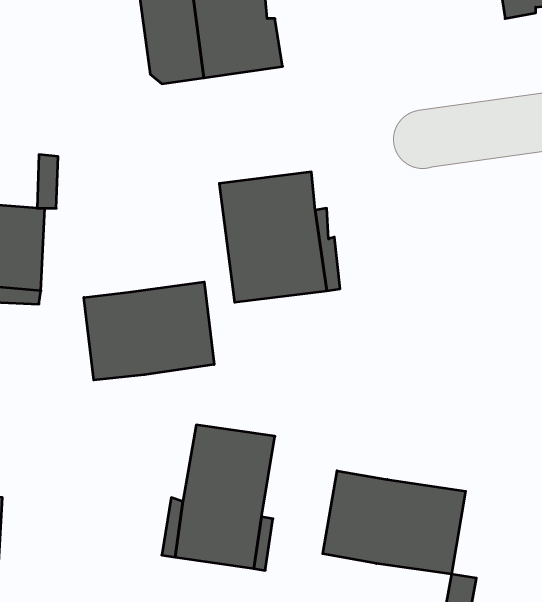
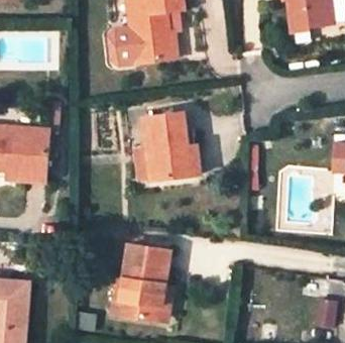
building: [84,282,214,380] -> none
building: [323,471,466,574] -> none

